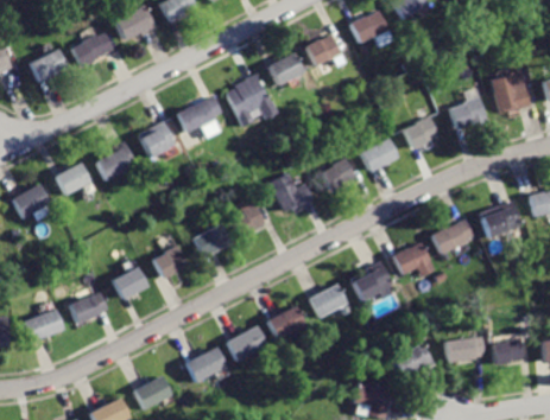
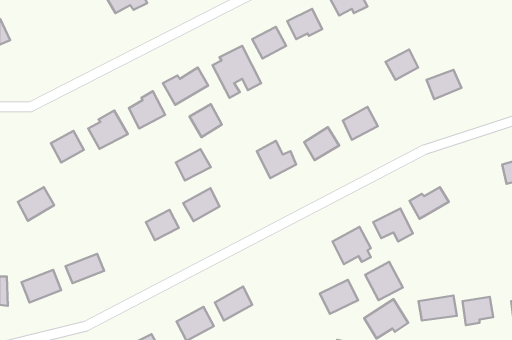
building: [69,31,113,68] -> none
building: [29,49,67,84] -> none
building: [493,72,530,113] -> none
building: [405,116,440,148] -> [385,49,418,80]
building: none -> [190,104,222,137]
building: [13,184,51,219] -> [18,187,54,221]
building: [480,201,525,240] -> none
building: [234,203,271,236] -> [176,149,211,181]
building: [113,266,150,298] -> none
building: [309,284,349,319] -> [320,280,358,314]
building: none -> [365,262,403,300]
building: [270,305,306,339] -> none

